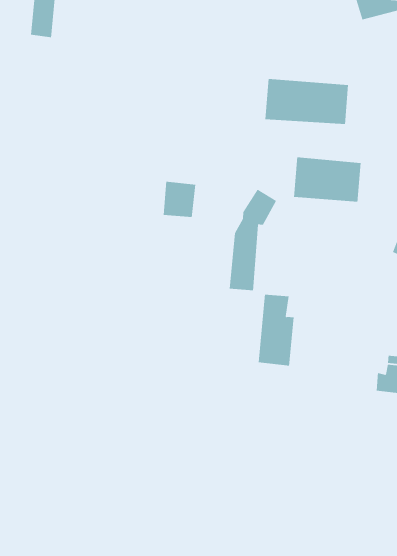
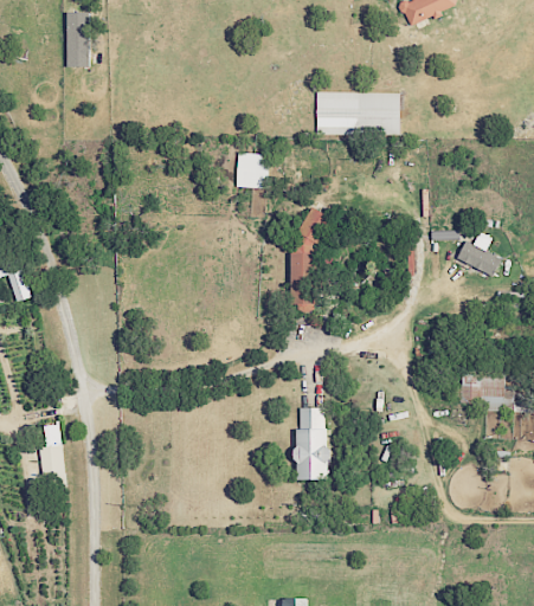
building: [294,157,361,203] -> none
building: [163,181,196,218] -> [236,152,268,187]
building: [258,294,295,366] -> [296,407,330,479]

